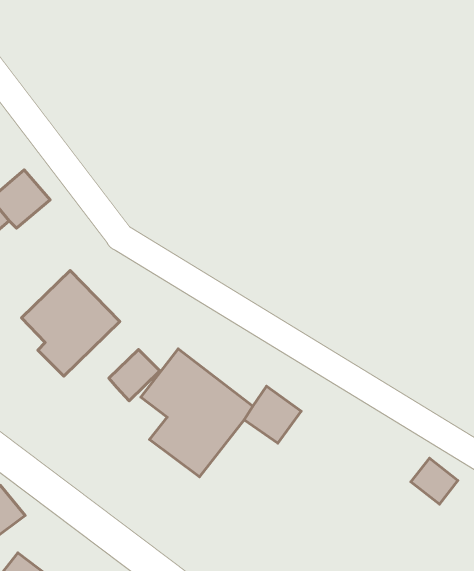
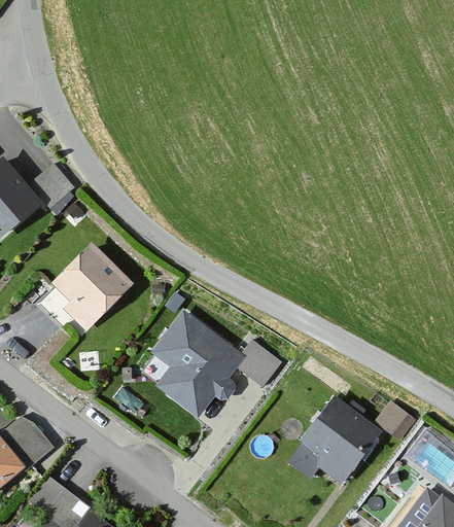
building: [109,350,160,401] -> none
building: none -> [299,396,381,487]

